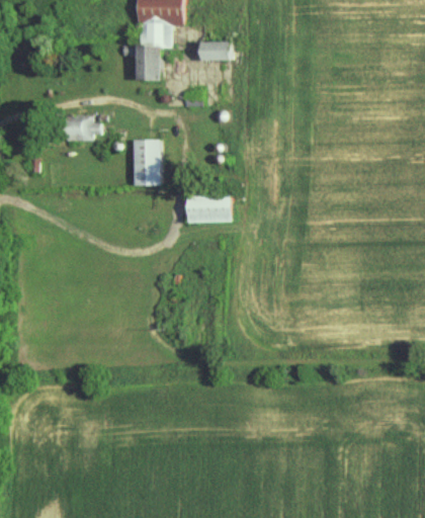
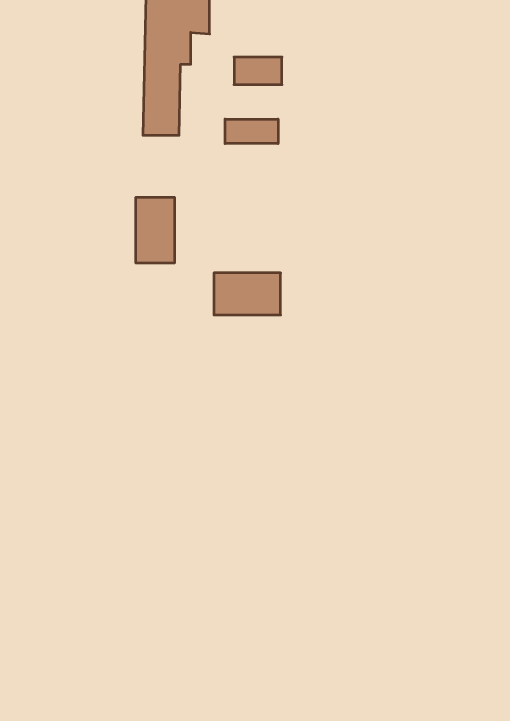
building: none -> [225,119,278,144]
building: [71,114,97,141] -> none

